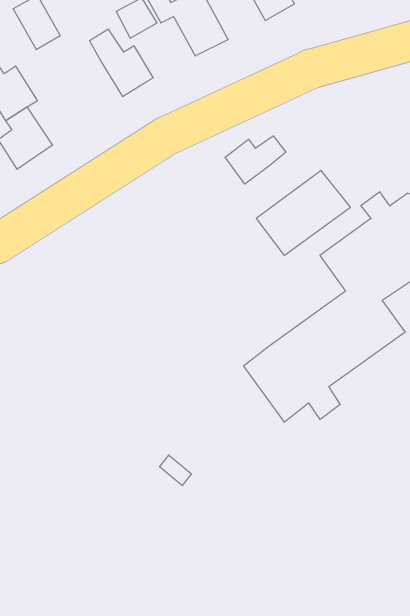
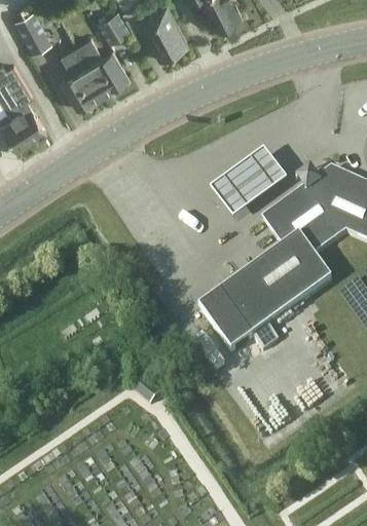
building: none -> [59,41,101,103]
building: [225,136,286,184] -> none

